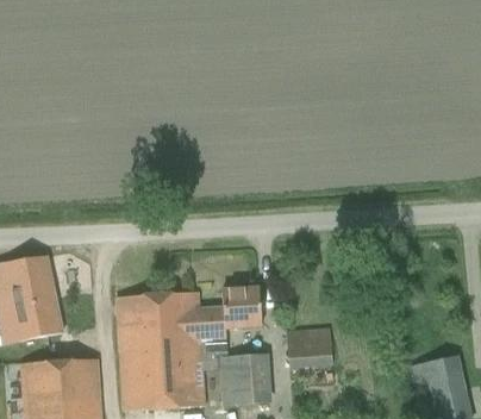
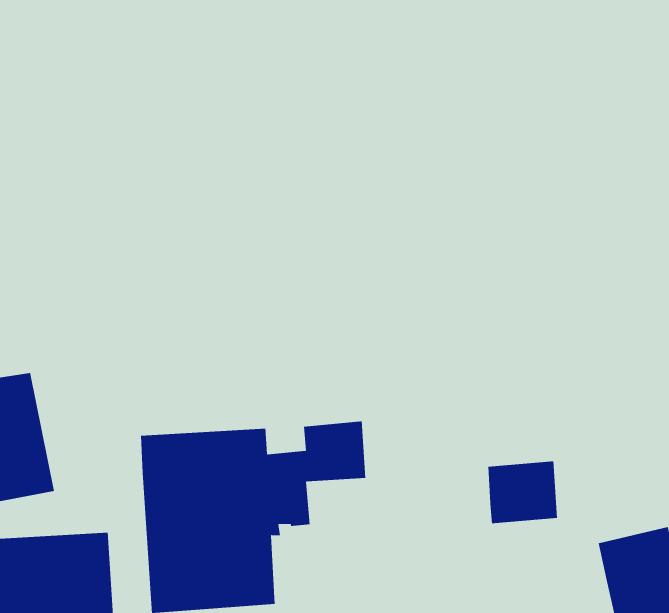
building: [288,329,333,369] -> [488,461,558,524]
building: [219,352,271,404] -> none

